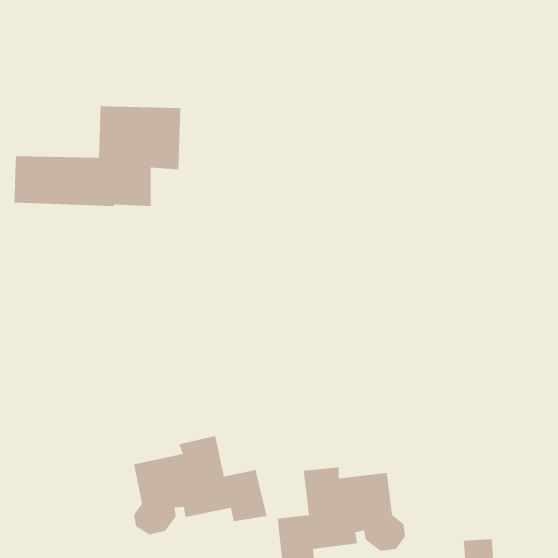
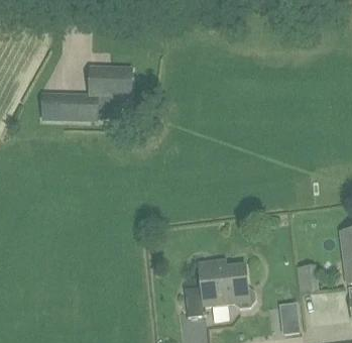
building: [133,435,267,535] -> none

